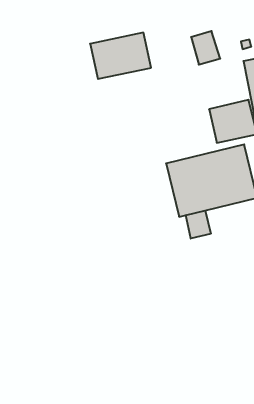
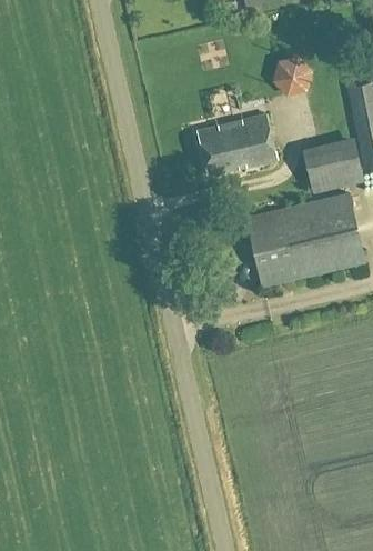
building: [90,33,151,79] -> [198,114,276,174]
building: [186,211,211,239] -> none

